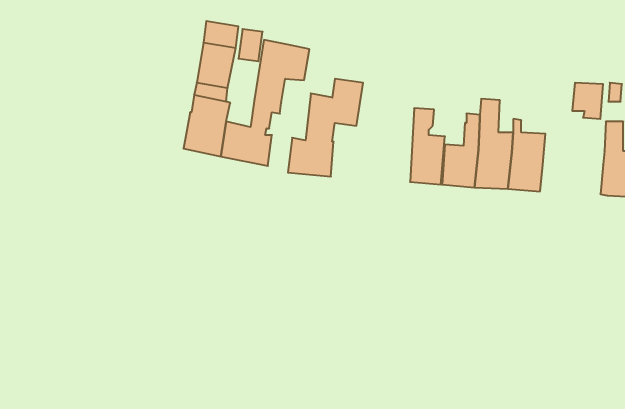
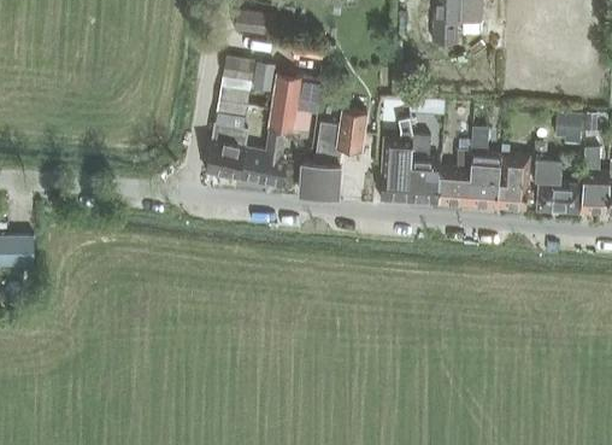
building: none -> [379,118,412,200]
building: none -> [534,157,582,211]

